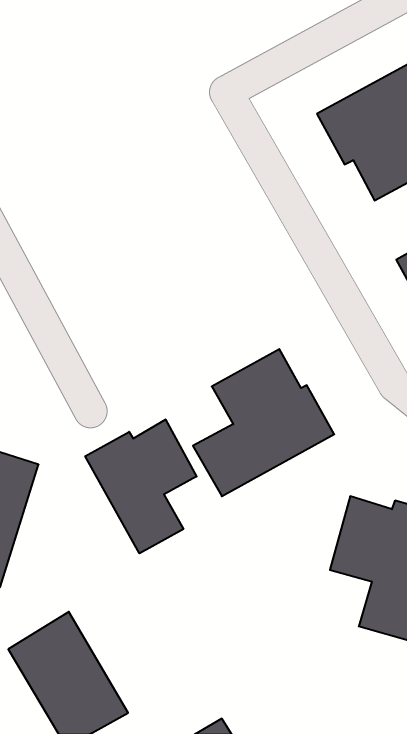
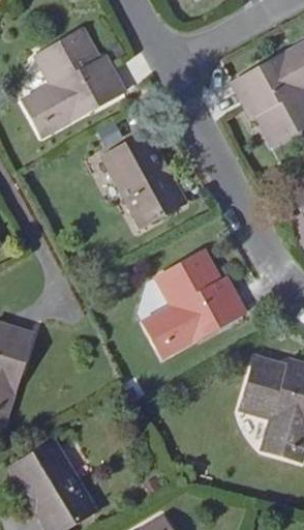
building: none -> [23,30,124,136]
building: none -> [102,131,184,226]
building: [85,419,197,553] -> none

